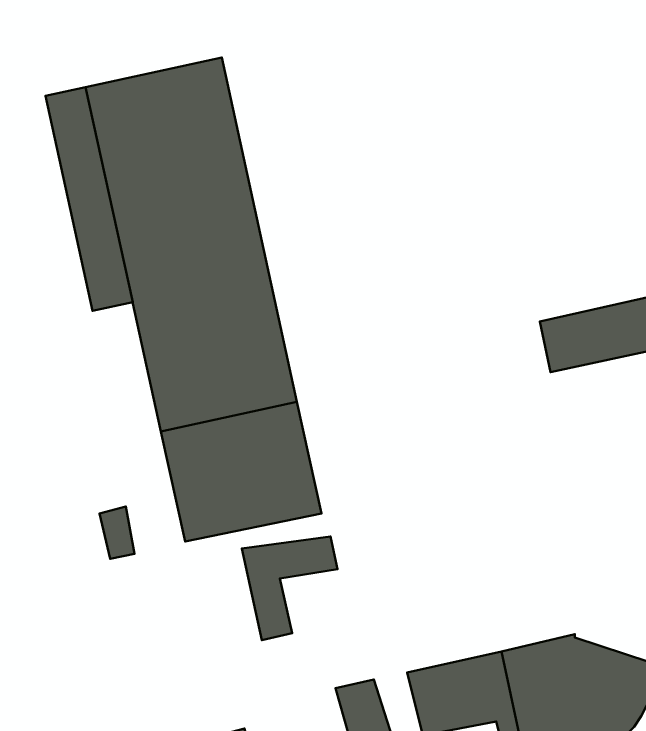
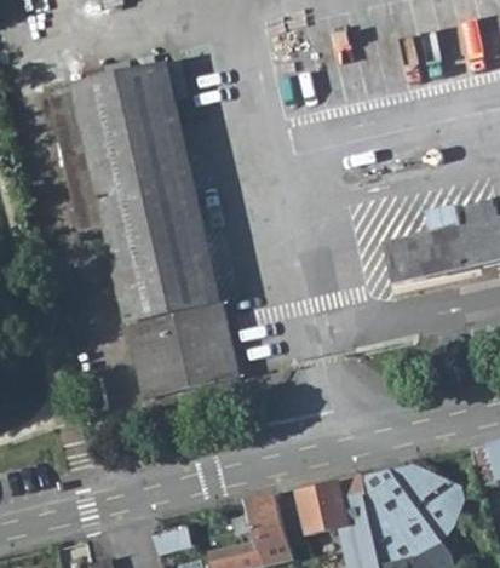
building: [242,537,337,640] -> none

